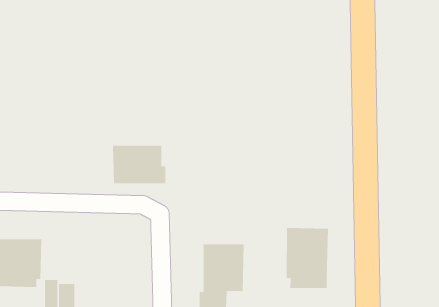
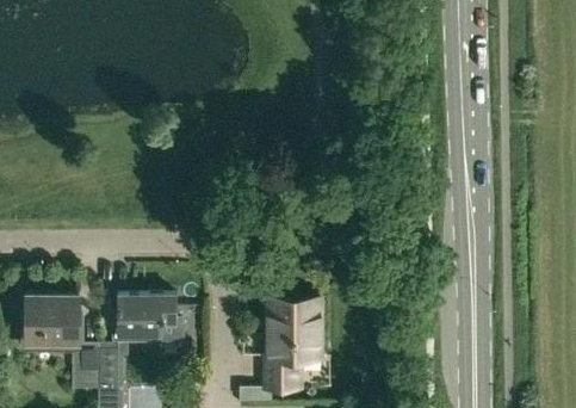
building: [112,145,166,184] -> [117,295,181,341]
building: [286,227,328,289] -> none

